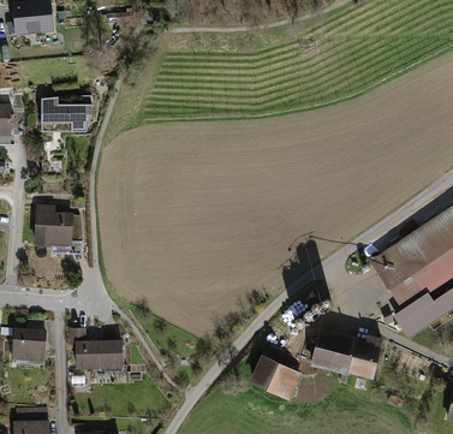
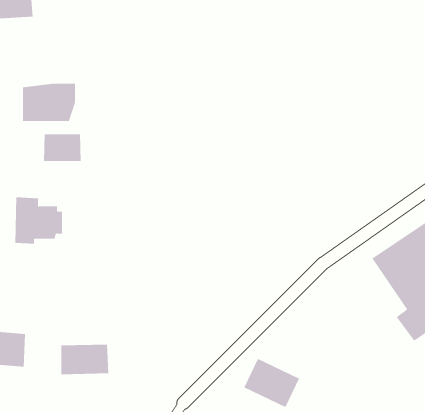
building: none -> [44,133,81,162]
building: [309,327,381,379] -> none

